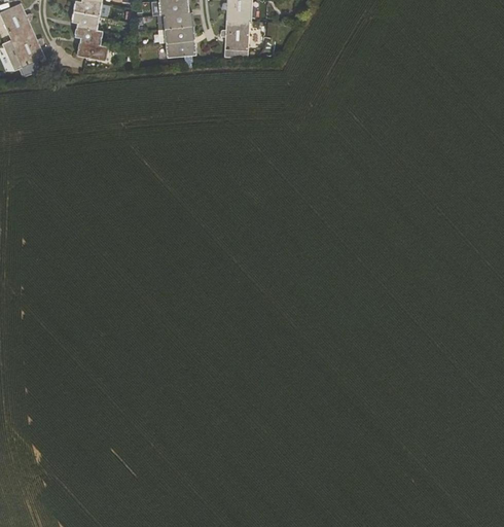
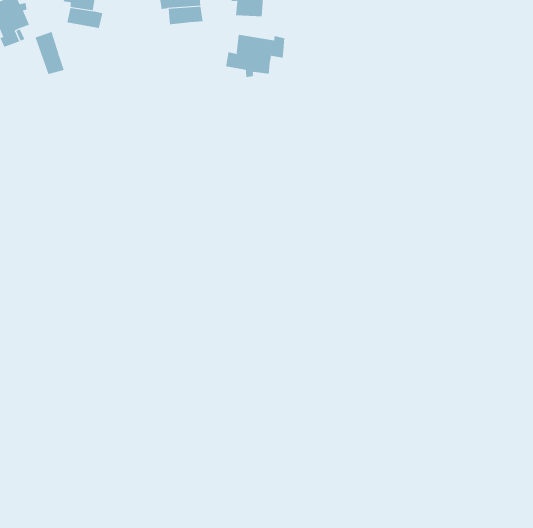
building: none -> [35,31,64,75]
building: none -> [225,34,285,78]

